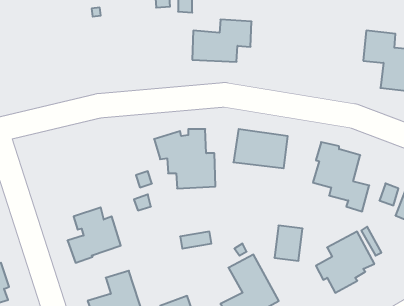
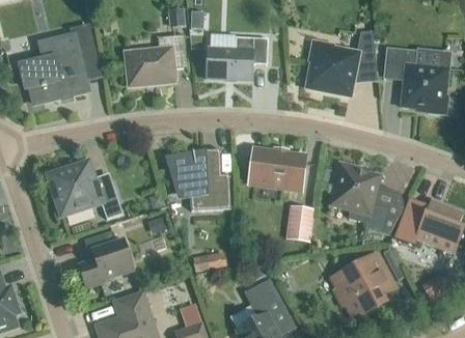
building: none -> [20,25,97,103]
building: none -> [308,30,377,93]
building: none -> [126,33,188,85]
building: none -> [49,161,122,218]
building: [274,226,303,261] -> [285,204,314,241]

